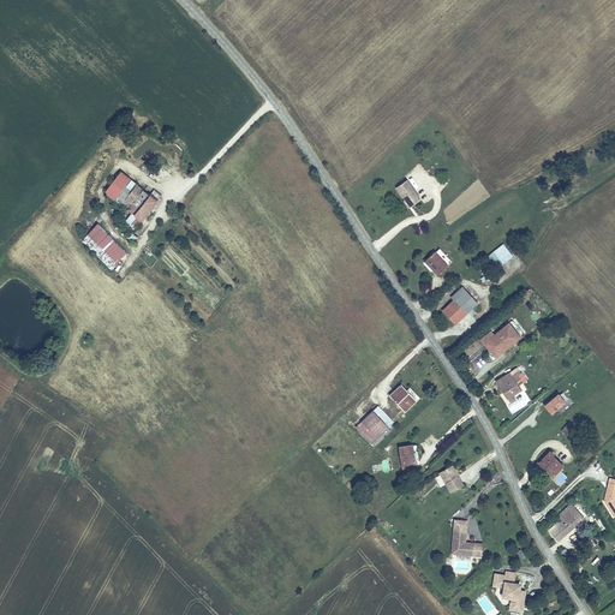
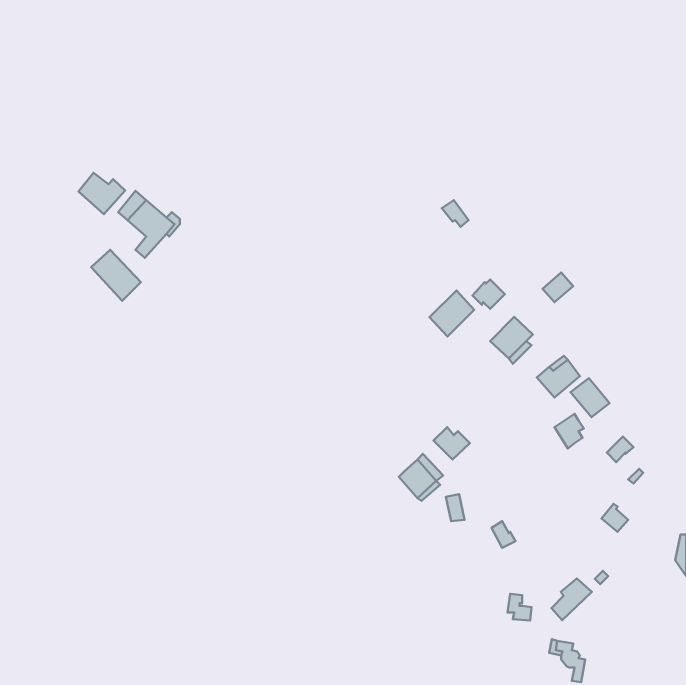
building: none -> [78,173,125,214]
building: none -> [430,291,474,337]
building: none -> [571,378,610,417]
building: [548,508,584,545] -> [551,579,592,620]

